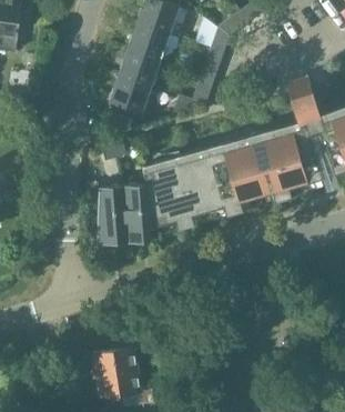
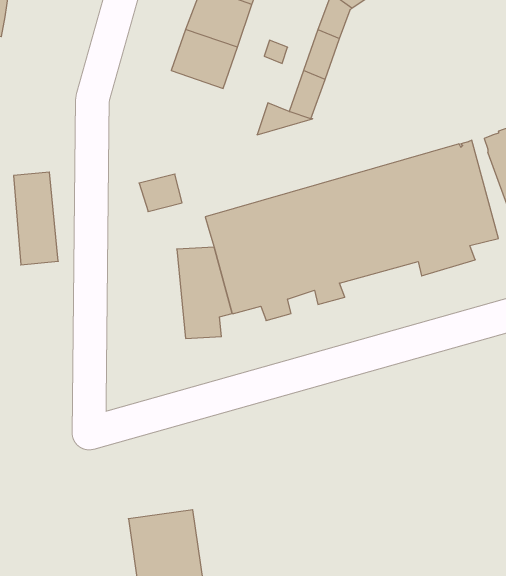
building: [111,77,152,115] -> none
building: [290,84,323,124] -> none
building: [101,188,129,245] -> [14,172,58,265]

